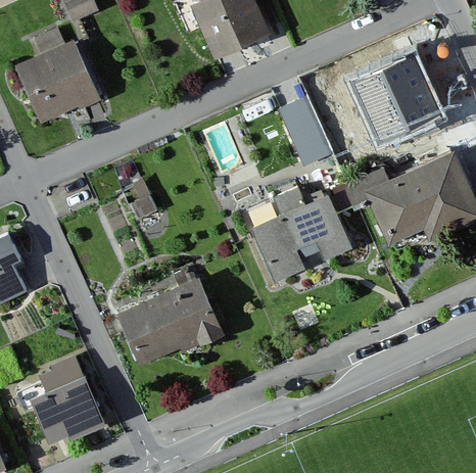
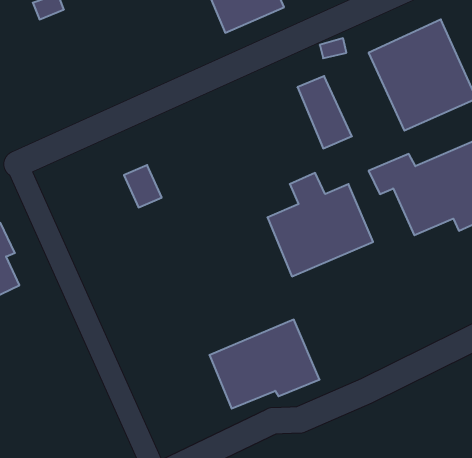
building: [17,42,97,122] -> none
building: [121,280,222,362] -> [209,320,320,409]
building: [30,361,101,442] -> none

